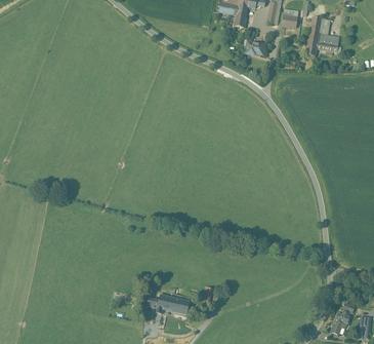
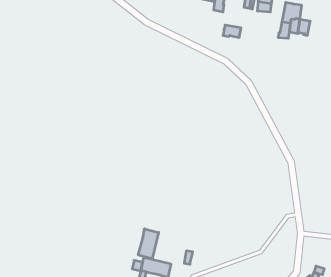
building: none -> [138,229,159,259]

